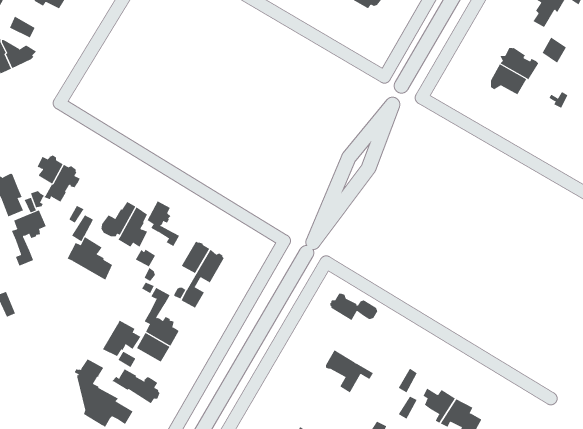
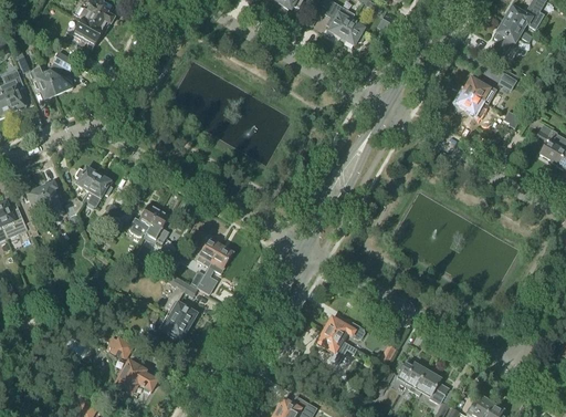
building: [147,201,180,247] -> none
building: [11,209,46,266] -> none
building: [67,236,113,280] -> none
building: [329,293,378,321] -> [324,316,365,340]
building: [102,320,141,357] -> none
building: [111,369,160,404] -> none

